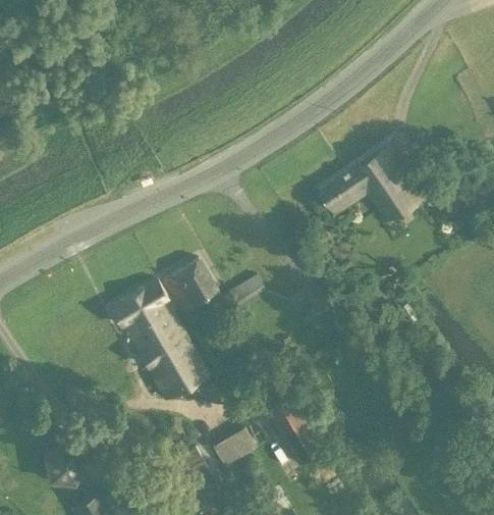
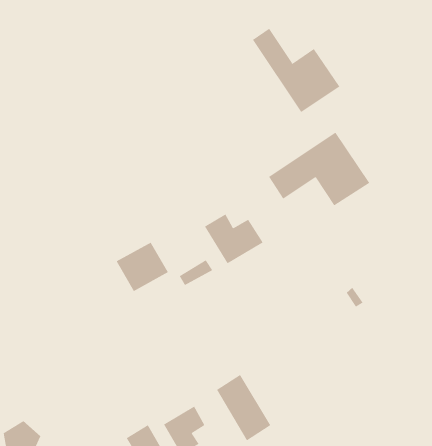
building: none -> [252,28,340,113]
building: none -> [204,213,263,264]
building: [109,281,209,399] -> none

